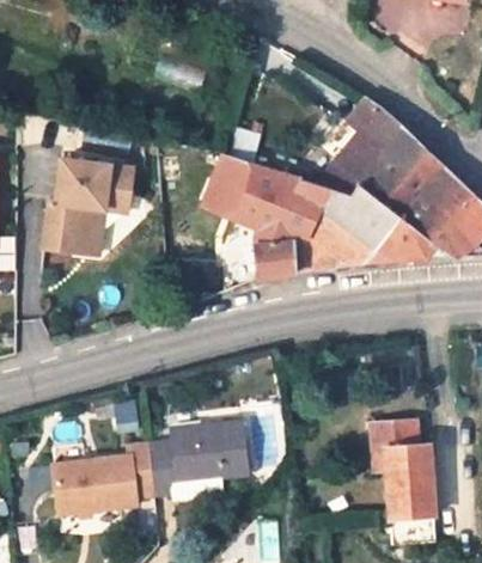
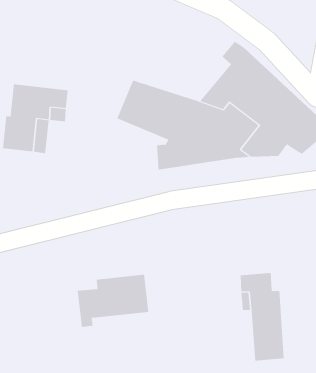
building: [54,446,152,515] -> none

